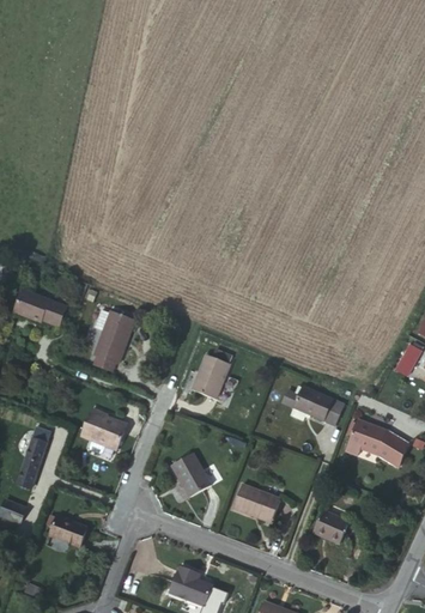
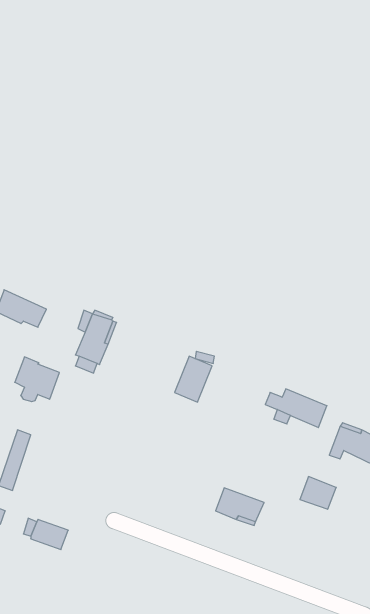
building: [81,409,126,454] -> [15,357,59,402]
building: [171,454,211,497] -> none
building: [312,510,348,542] -> [300,477,336,509]
building: [169,566,212,605] -> none

